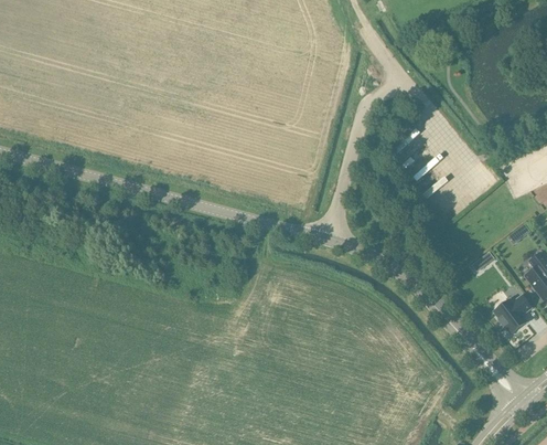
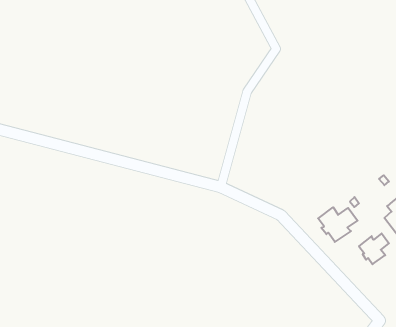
building: none -> [318,207,358,242]

